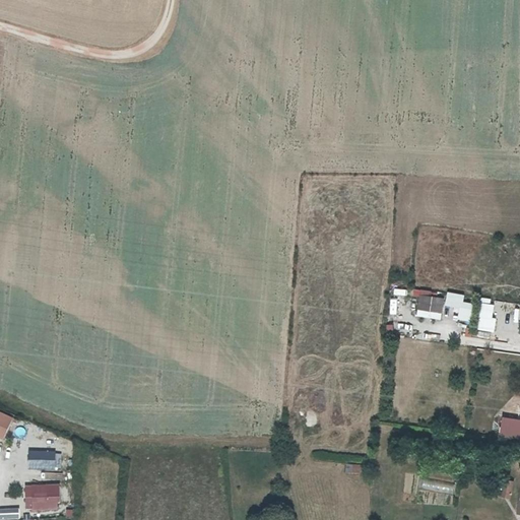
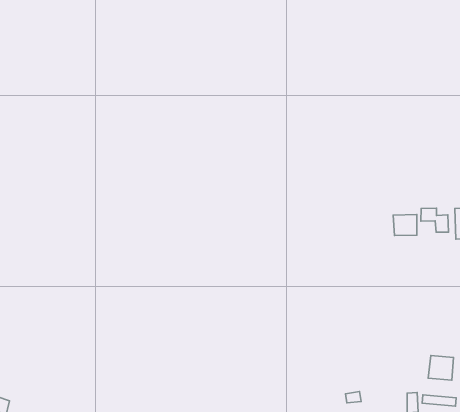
building: none -> [428,356,454,380]

